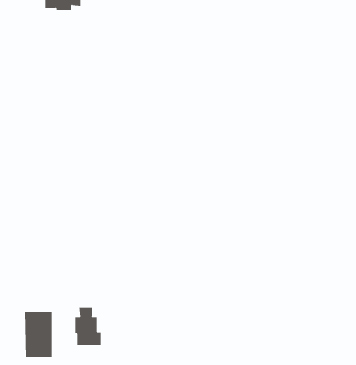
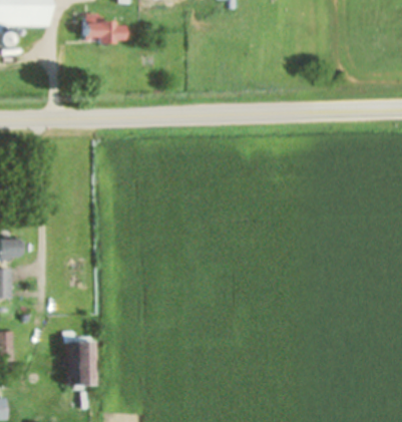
building: [75,307,101,346] -> none

